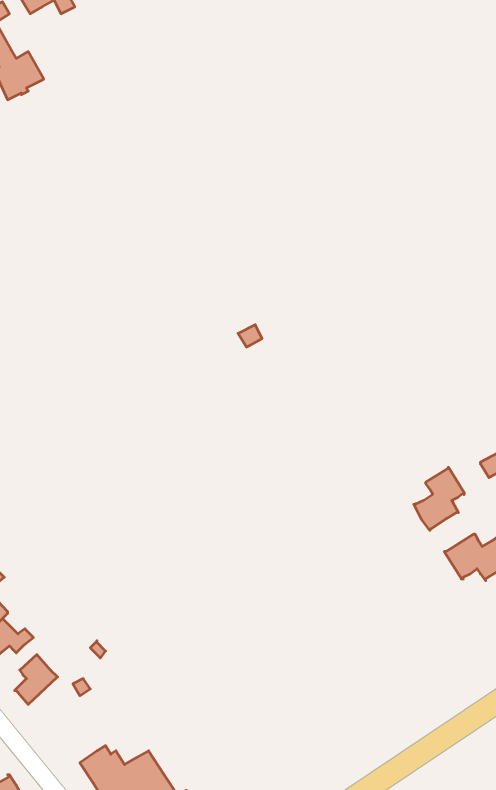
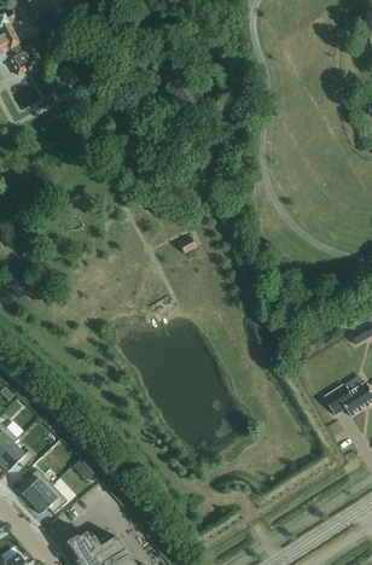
building: [414,467,464,530] -> none
building: none -> [30,484,65,514]

